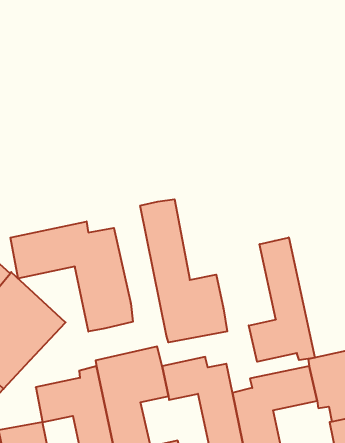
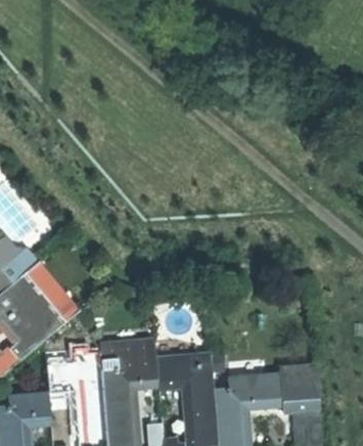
building: [140,199,227,342] -> none
building: [10,221,133,332] -> none
building: [249,237,315,362] -> none

